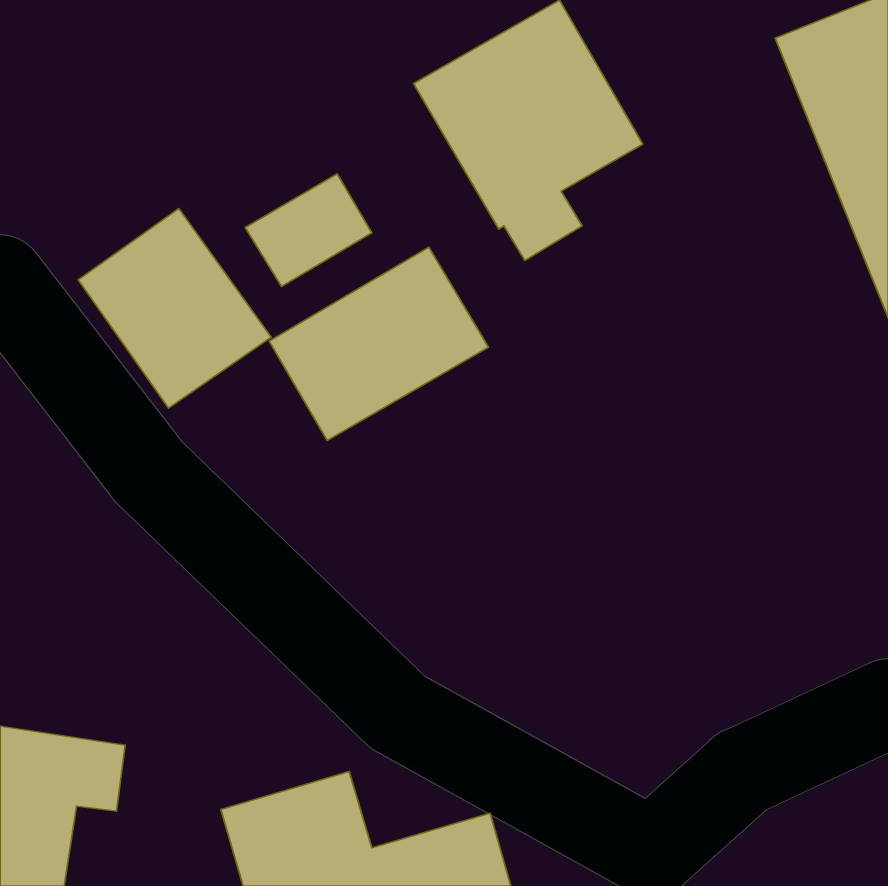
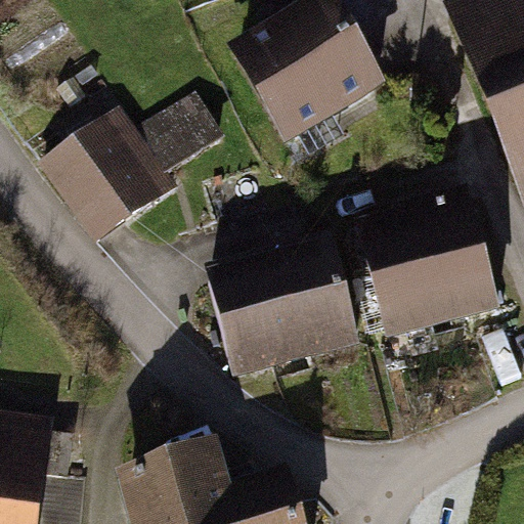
building: [269,247,488,440] -> none
building: none -> [363,199,497,336]
building: none -> [210,253,357,376]

